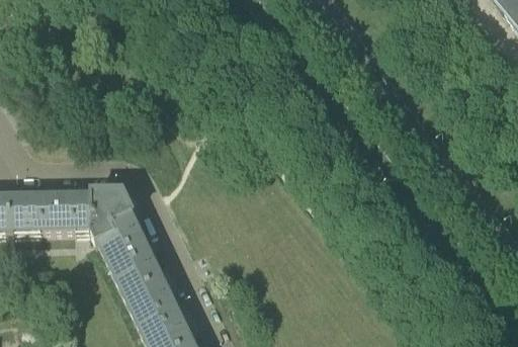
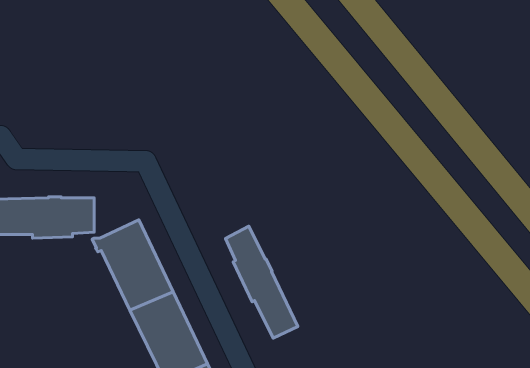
building: [92,192,134,231] -> none
building: none -> [225,226,298,338]

